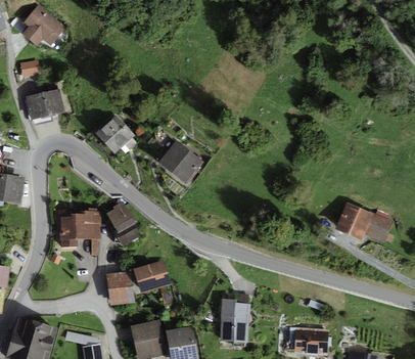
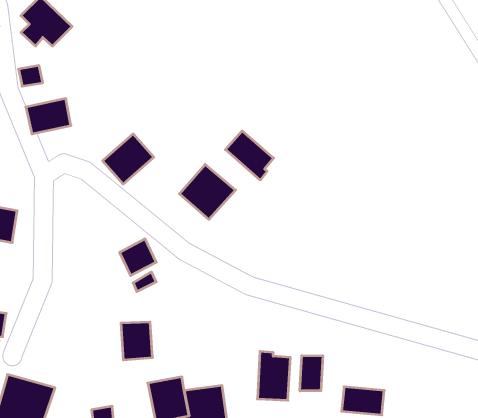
building: none -> [225,131,274,180]
building: [334,200,393,241] -> none
building: [59,213,103,251] -> none
building: [134,261,171,291] -> none
building: none -> [300,356,323,391]

